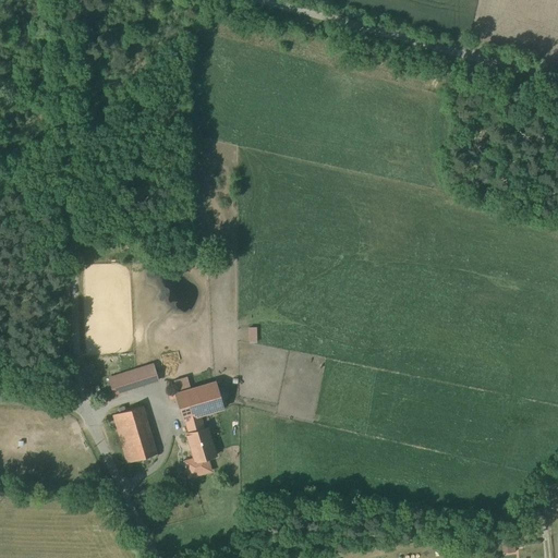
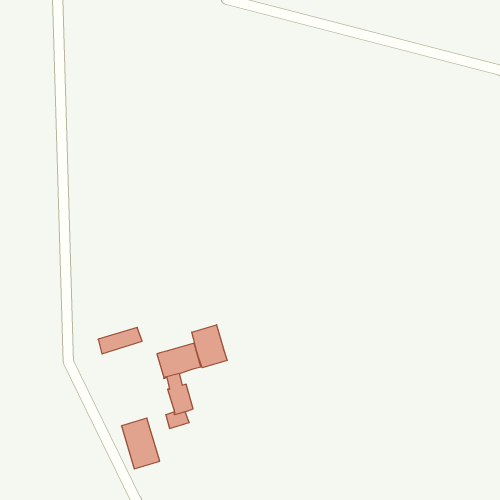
building: none -> [192,325,227,368]
building: [114,405,157,462] -> [121,418,160,469]

